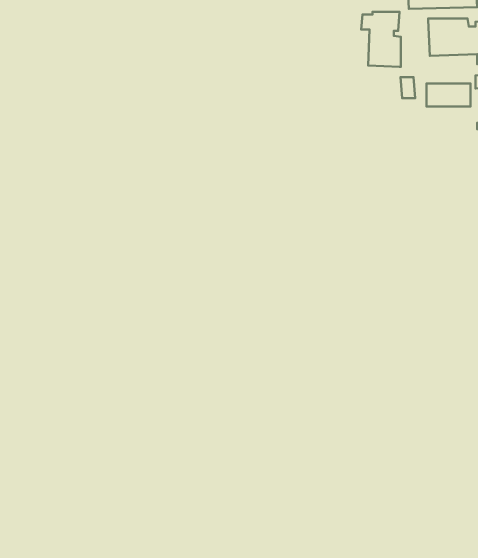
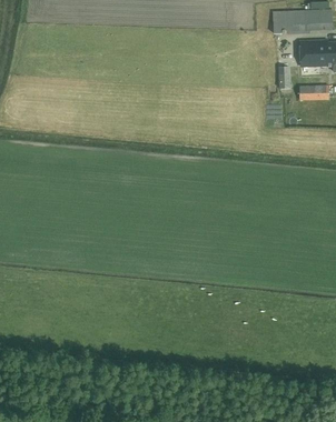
building: [361,12,401,67] -> none

